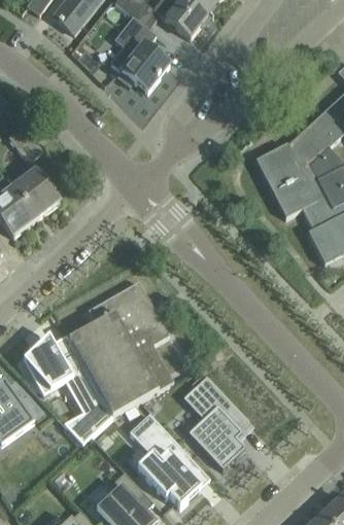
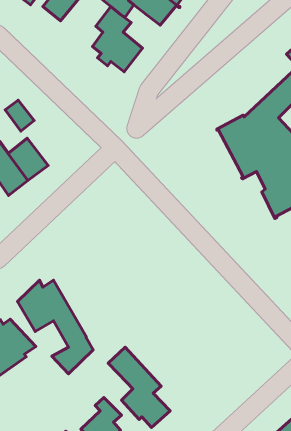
building: [68,280,173,414] -> none
building: [183,375,249,468] -> none

